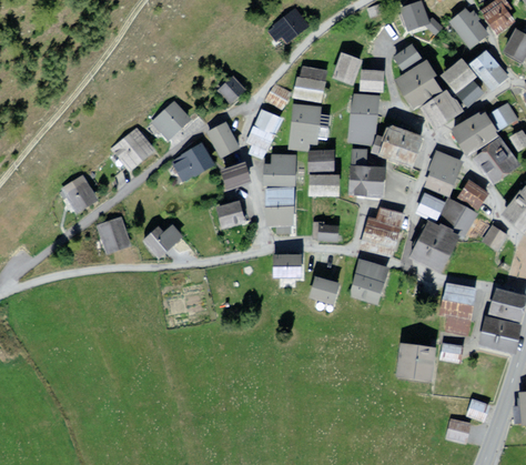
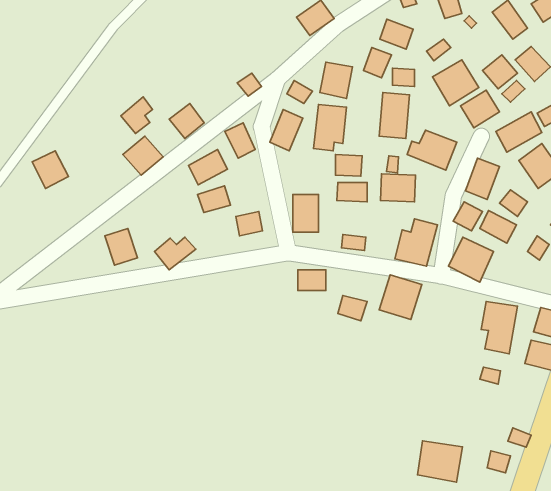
building: none -> [380,19,413,49]
building: none -> [121,97,153,134]
building: [265,153,294,181] -> none
building: [220,164,250,189] -> [198,186,230,213]
building: [61,175,94,210] -> [32,151,69,188]
building: [396,342,437,380] -> [418,441,463,482]

